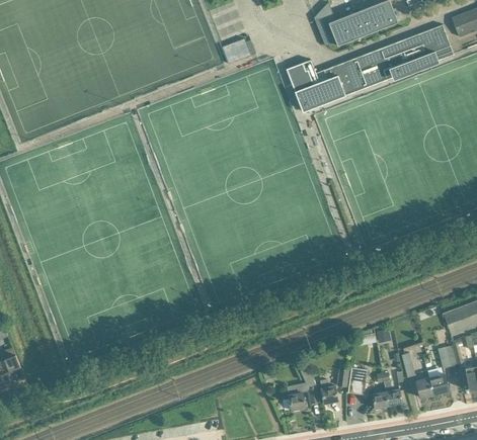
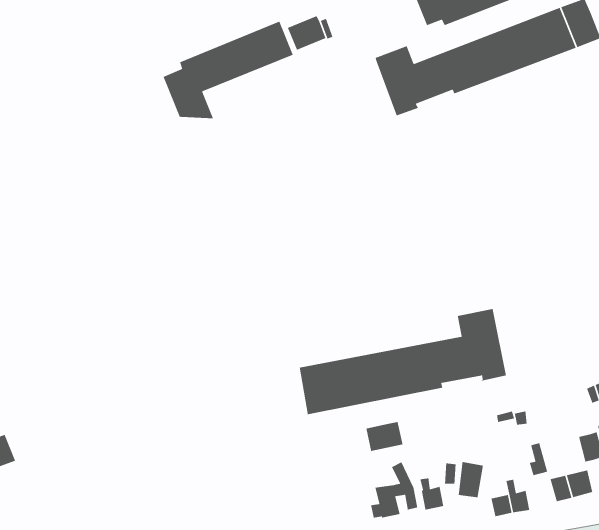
building: none -> [163,21,294,119]
building: none -> [299,308,507,415]
building: none -> [365,421,403,452]

